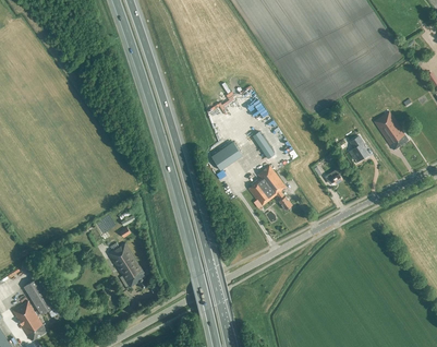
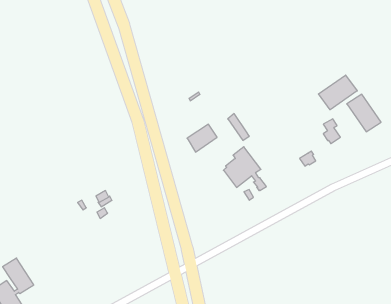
building: none -> [318,75,357,110]
building: [109,242,147,289] -> none

